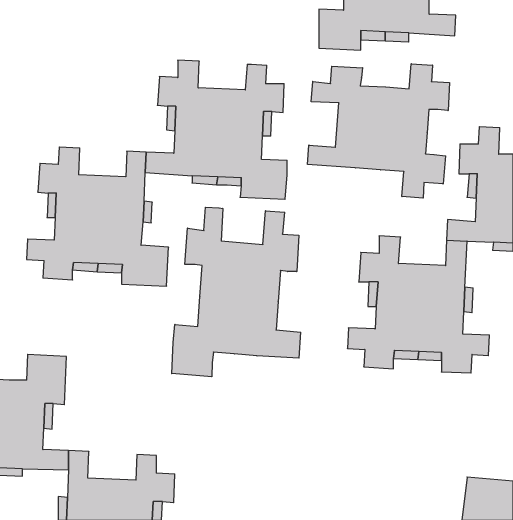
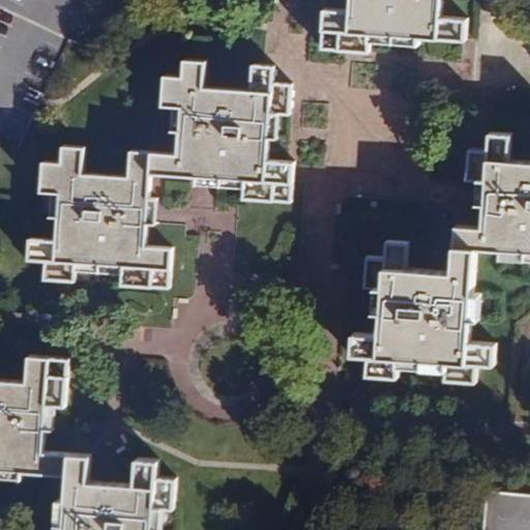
building: [308,64,449,198] -> none
building: [172,207,301,377] -> none

